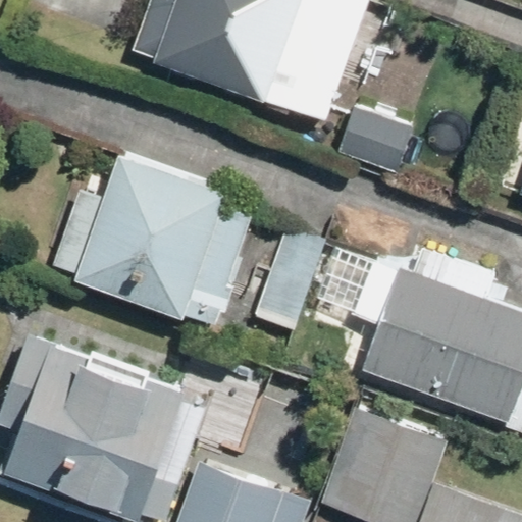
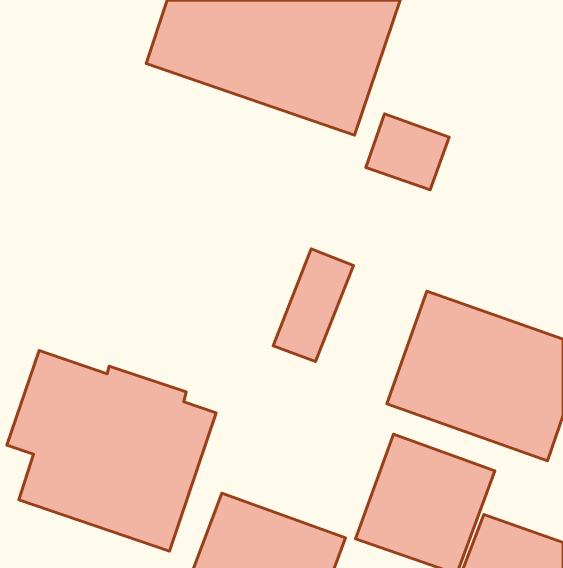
building: [48,154,251,329] -> none

